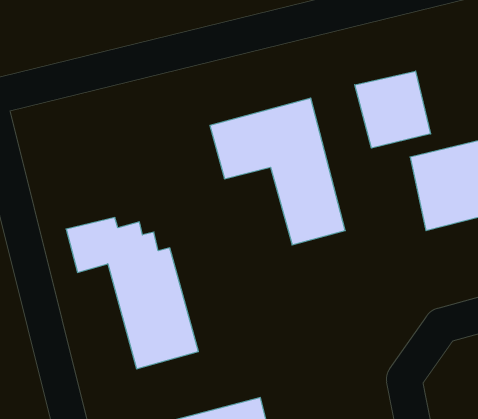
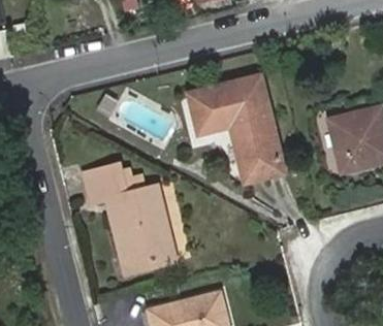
building: [355,71,431,148] -> none

